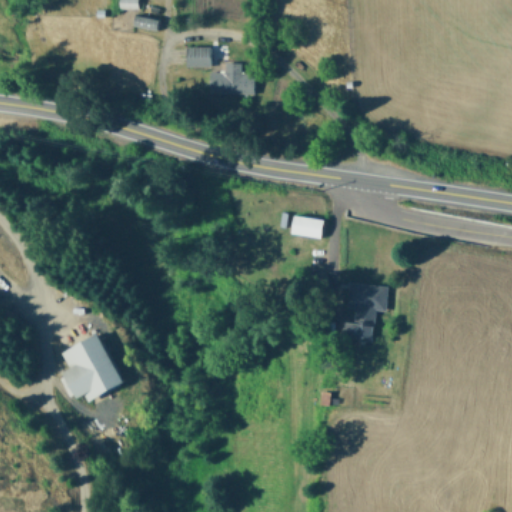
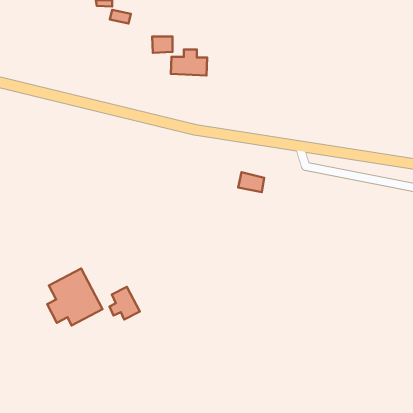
building: [343,282,388,339] -> none
building: none -> [109,287,140,320]

